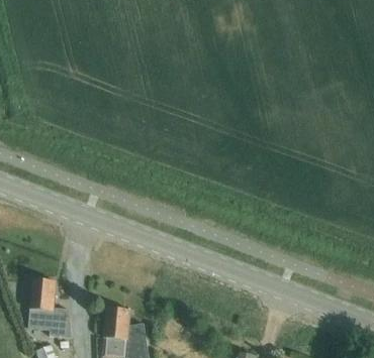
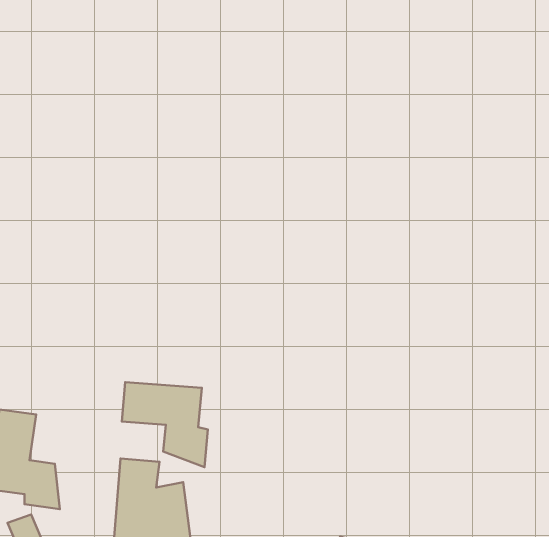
building: none -> [122,382,208,467]

